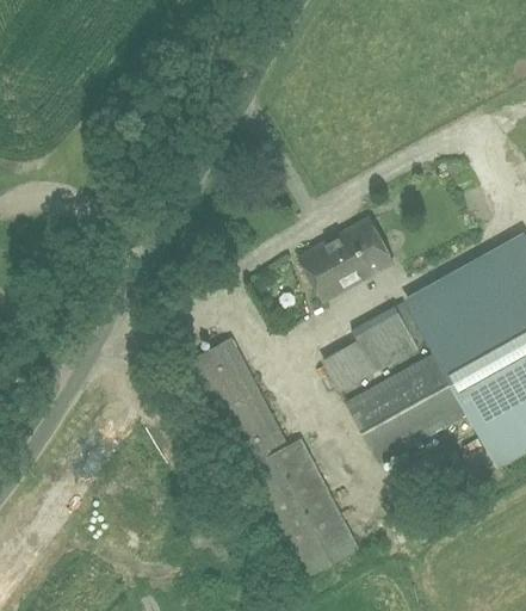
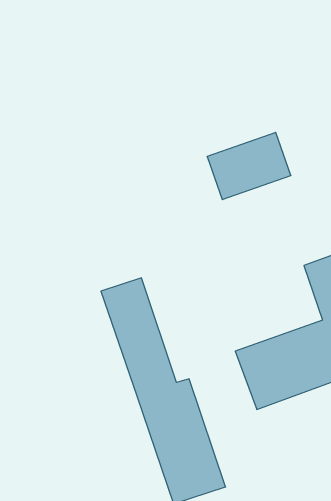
building: [297,218,391,301] -> [207,132,291,200]
building: [324,301,420,390] -> none

